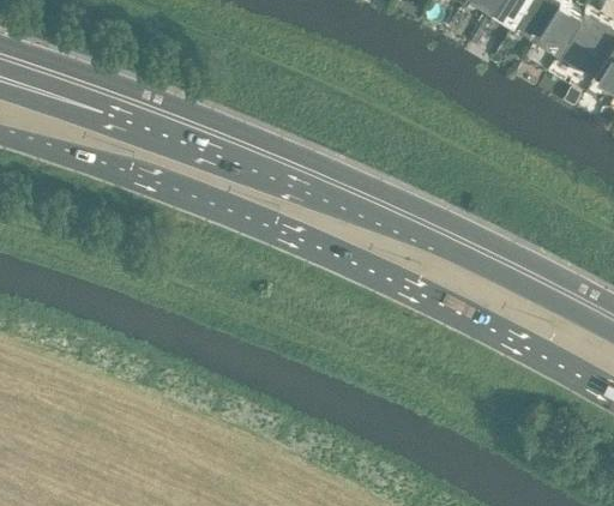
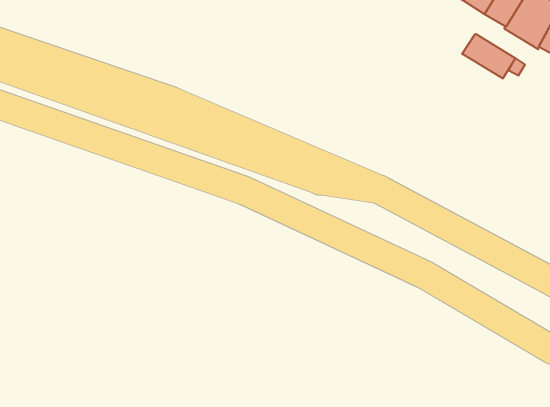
building: none -> [462,34,515,79]

